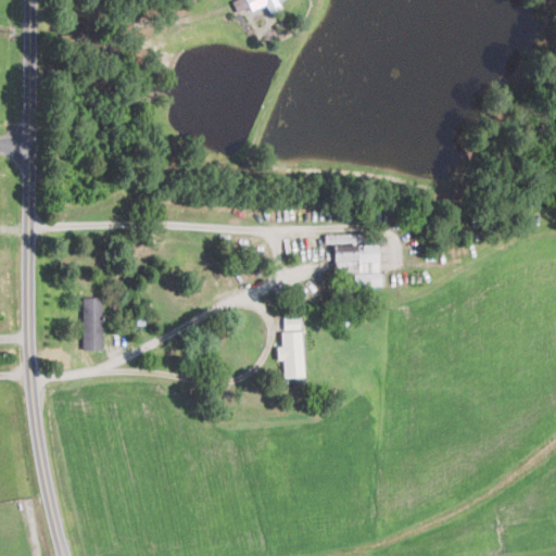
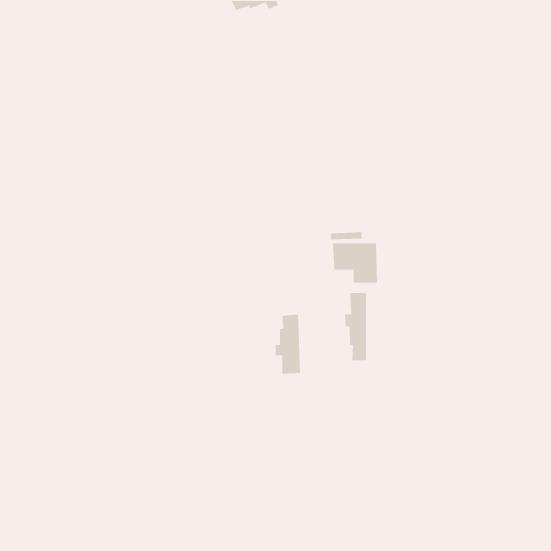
building: none -> [345,292,367,361]
building: [84,298,104,350] -> none

